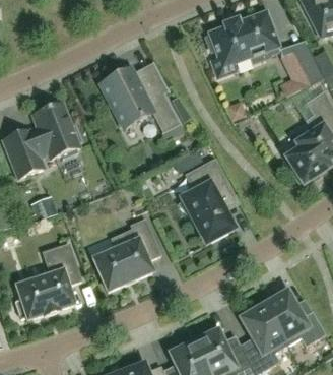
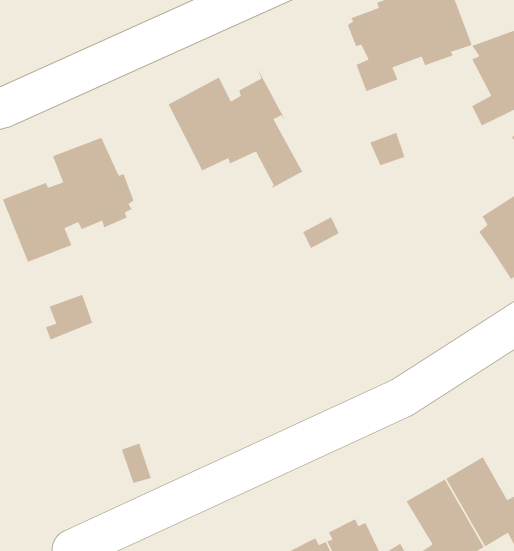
building: [177,159,234,243] -> none
building: [93,218,160,290] -> none
building: [15,243,81,318] -> none

